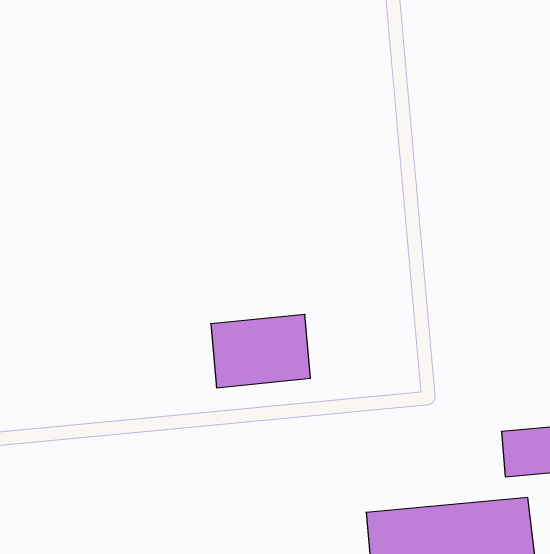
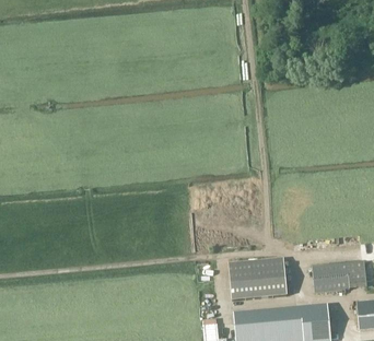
building: [211,314,310,388] -> [229,258,287,301]

